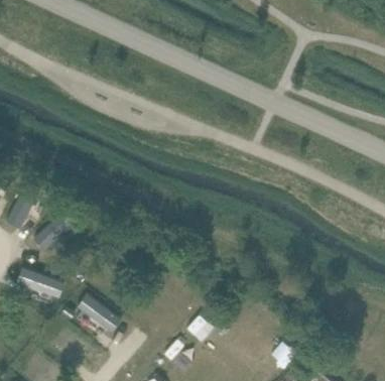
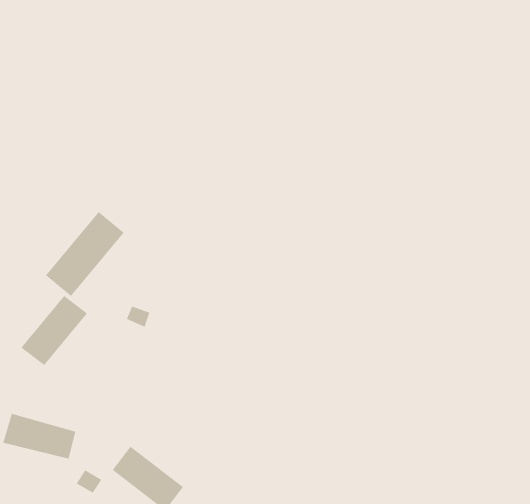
building: none -> [45,211,124,297]

